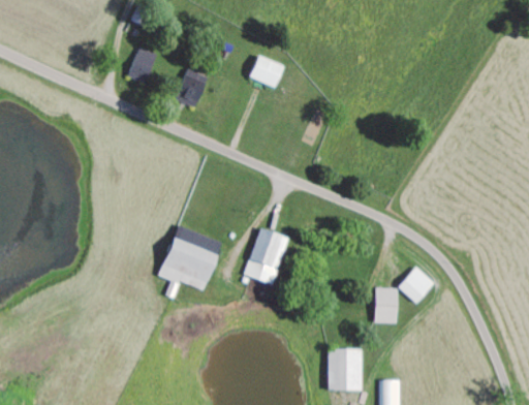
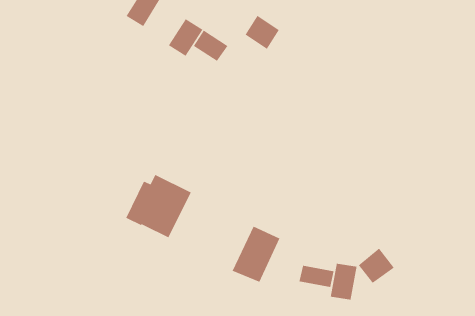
building: none -> [193,29,229,62]
building: [244,228,287,284] -> [231,226,280,283]
building: none -> [299,265,335,288]

